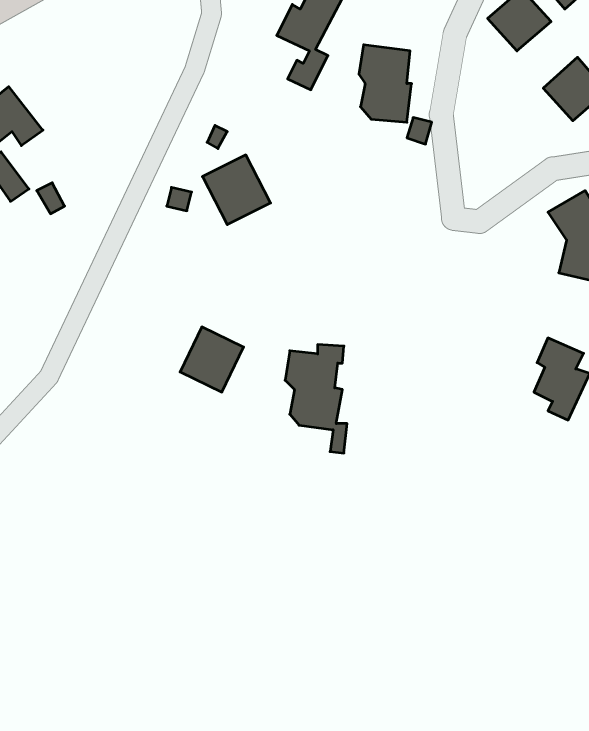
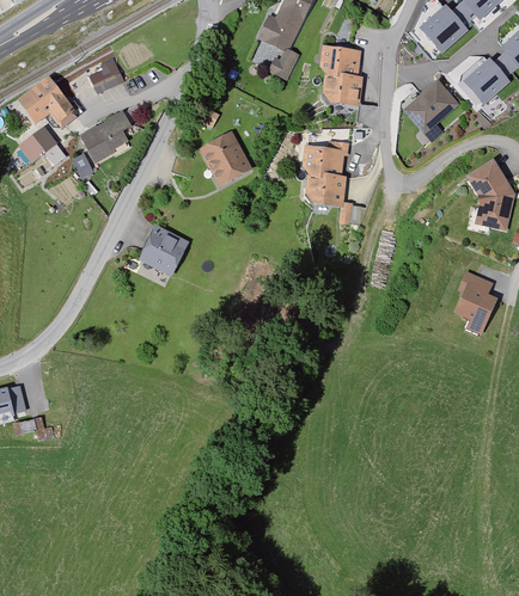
building: none -> [87,60,124,92]
building: none -> [402,80,457,134]
building: none -> [78,112,136,162]
building: [180,327,244,392] -> [139,226,188,276]
building: [285,345,347,453] -> [301,141,349,225]

